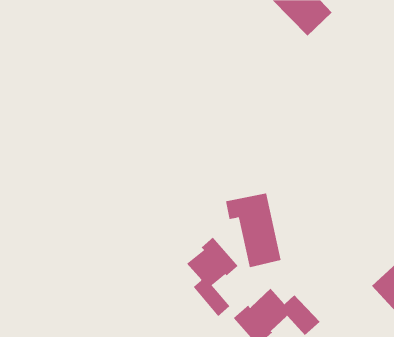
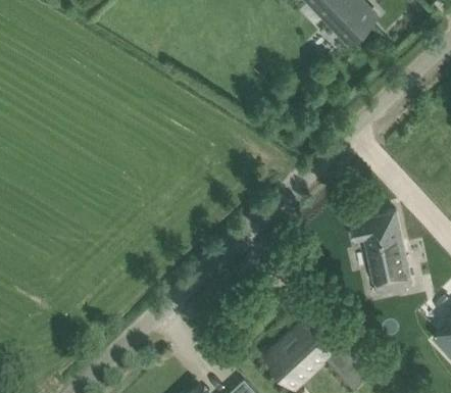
building: [225,193,281,268] -> [351,214,413,297]
building: [186,237,238,317] -> none

